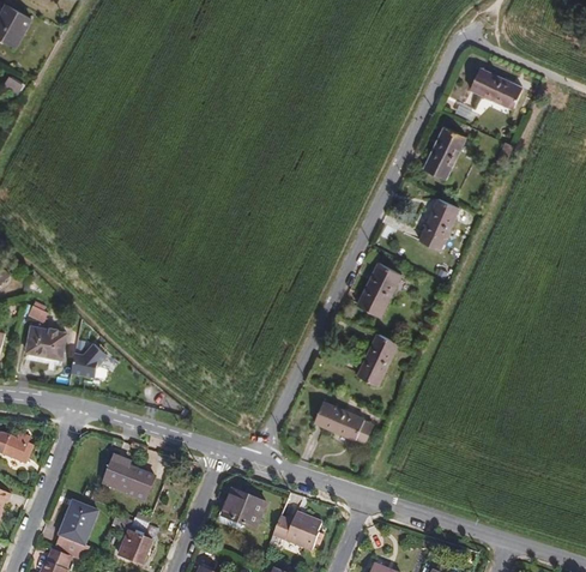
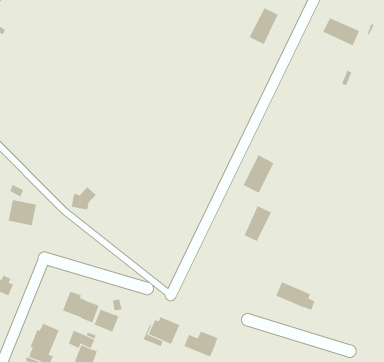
building: [423,126,465,179] -> [249,8,279,45]
building: [418,197,459,249] -> none
building: [71,342,107,375] -> [71,186,96,210]
building: [314,401,370,441] -> [275,282,315,310]
building: none -> [94,309,119,332]

